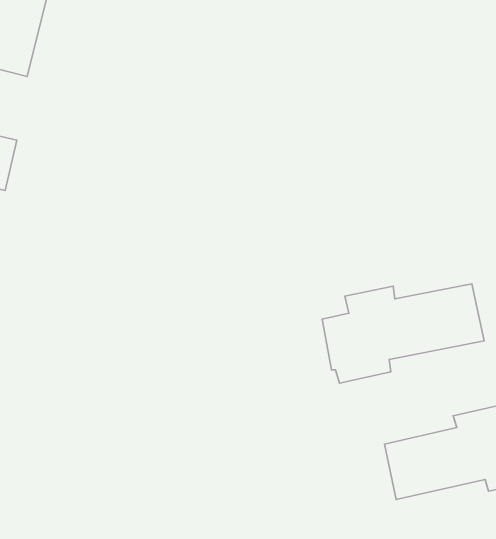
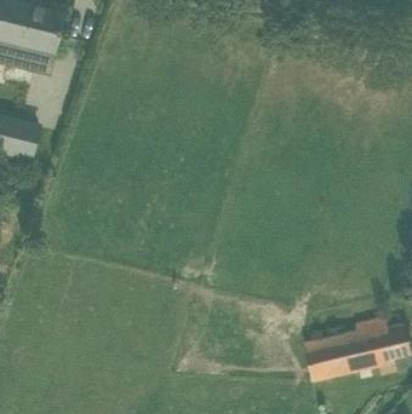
building: [322,284,484,383] -> none

